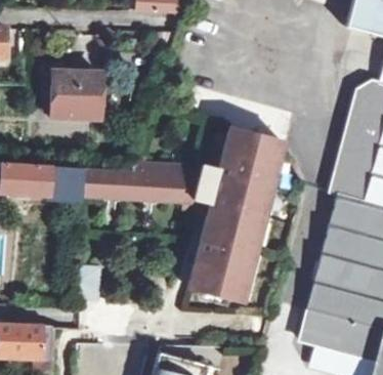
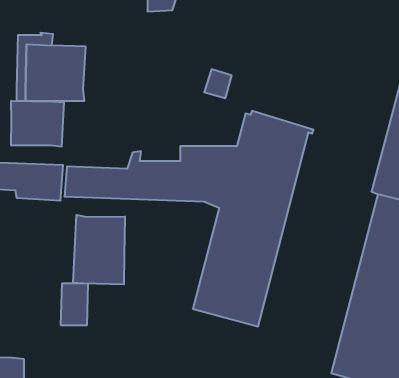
building: none -> [11,101,64,147]
building: none -> [73,215,125,284]

